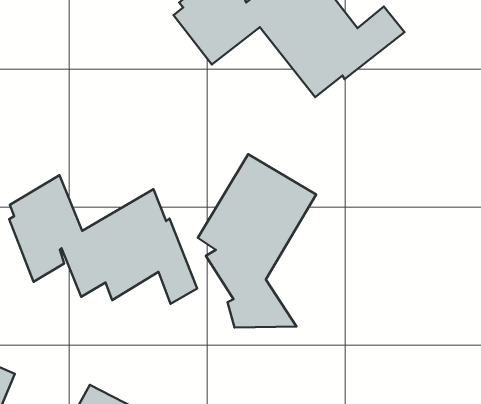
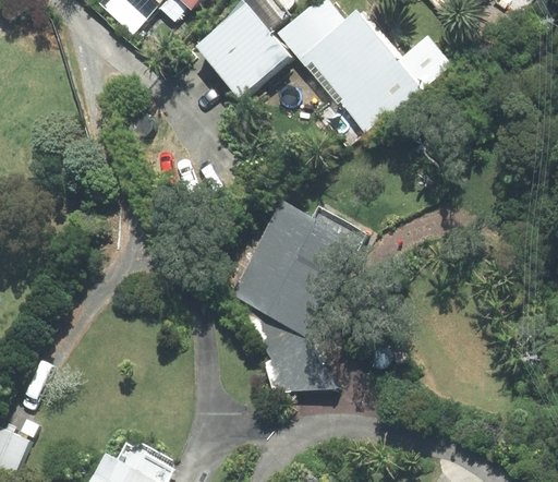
building: [9,175,197,304] -> none

